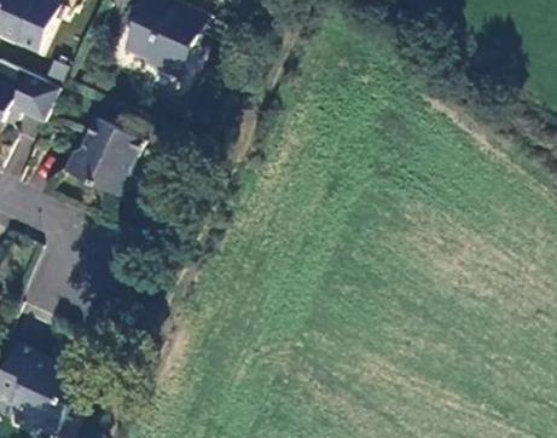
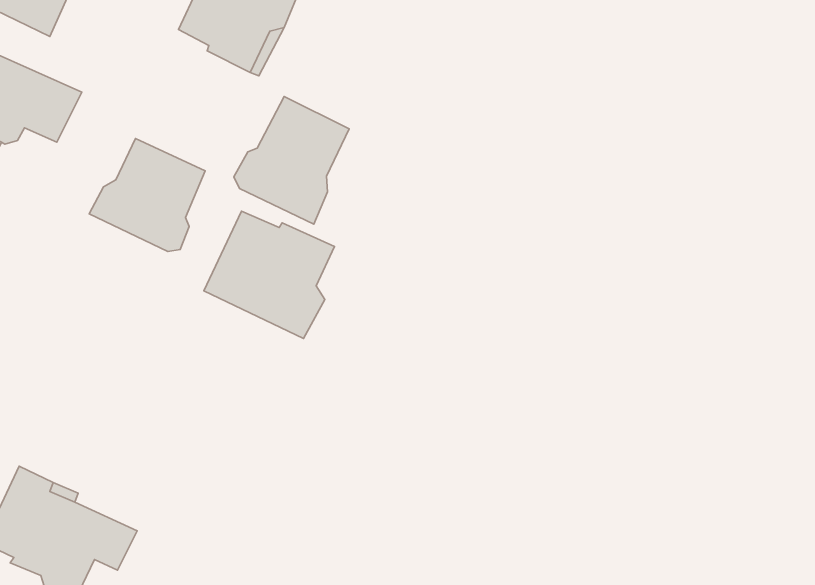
building: none -> [234,96,349,224]
building: none -> [204,211,334,338]

